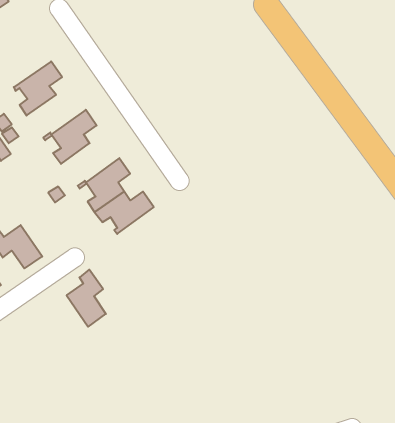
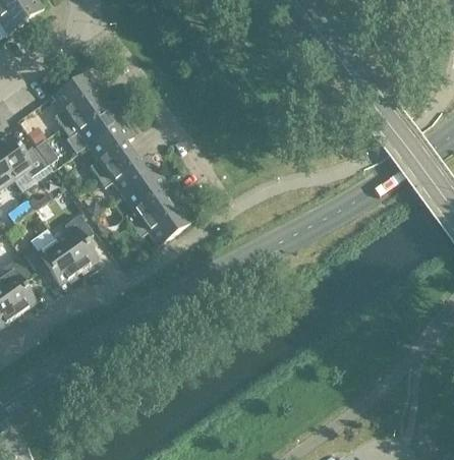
building: none -> [62,104,123,145]
building: none -> [98,154,158,194]
building: [67,270,106,327] -> [56,212,97,271]

